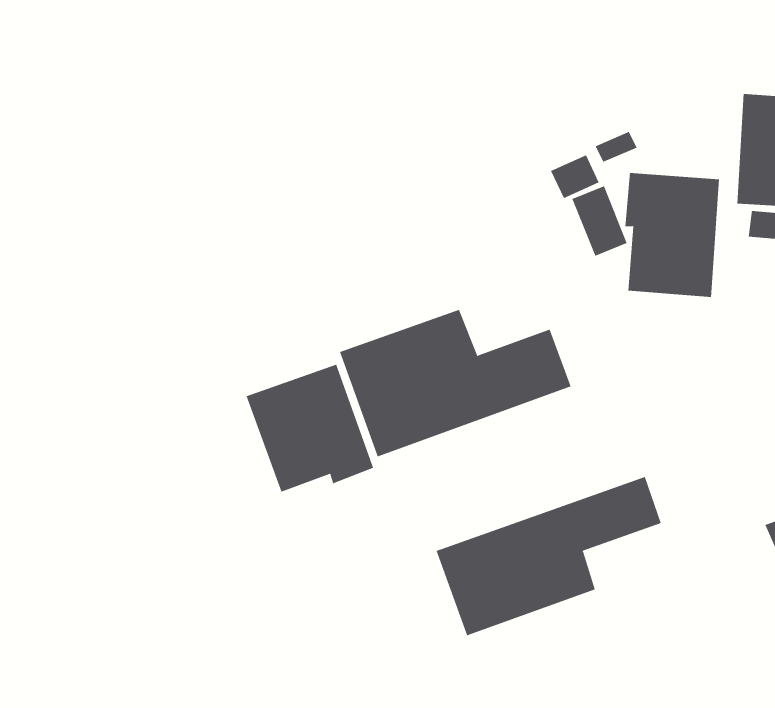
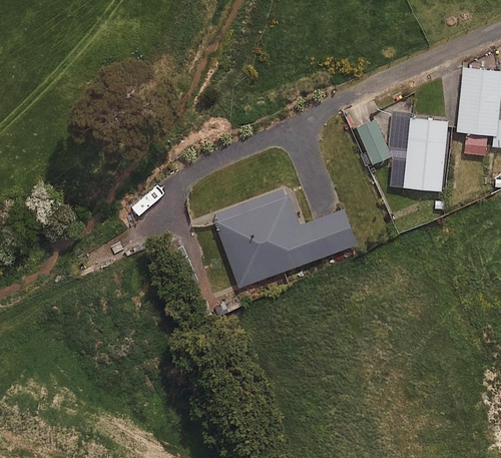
building: [246,364,374,493] -> none
building: [436,476,661,636] -> none

